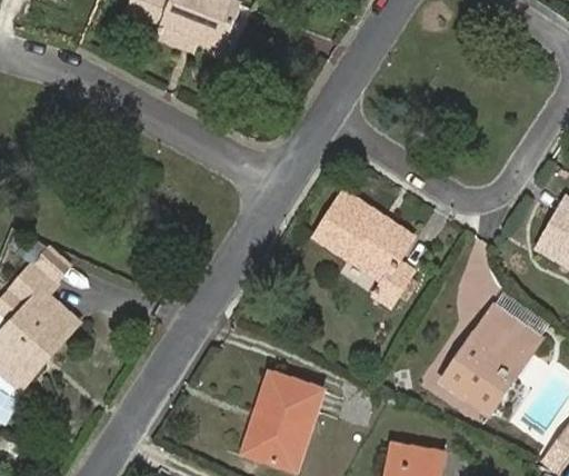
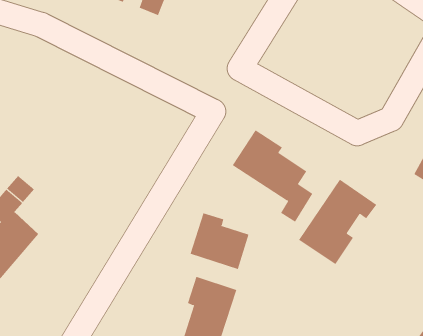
building: none -> [190,213,249,270]
building: [442,305,540,411] -> [298,179,377,265]

